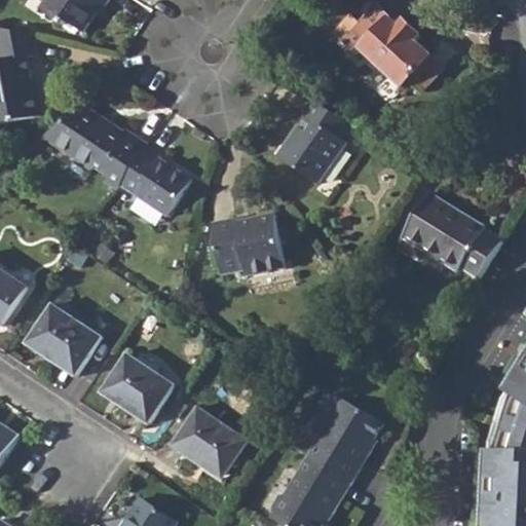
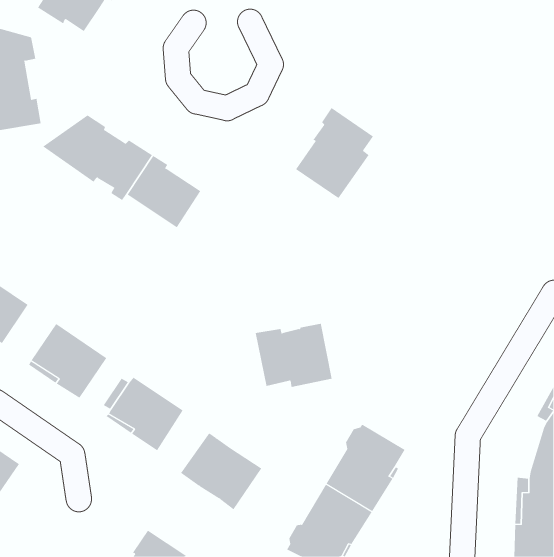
building: [340,5,430,87] -> none
building: [401,193,502,278] -> none
building: [210,215,283,275] -> [255,323,332,387]

